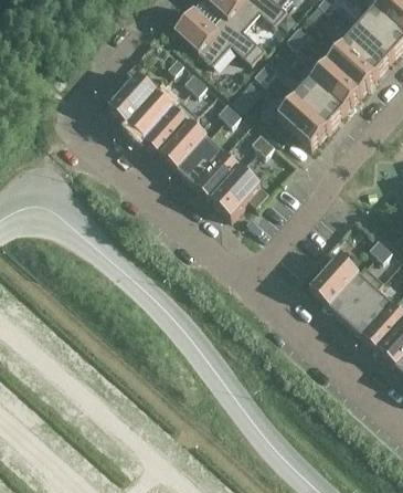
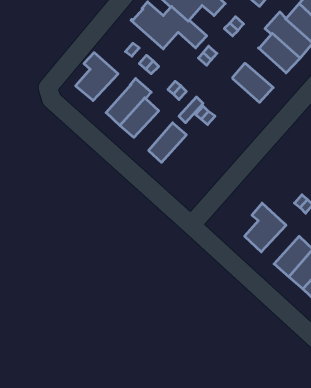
building: [301,54,359,109] -> none
building: [269,90,327,146] -> none
building: [128,93,173,139] -> none
building: [177,137,223,185] -> none
building: [210,166,267,218] -> none
building: [329,264,382,321] -> none

